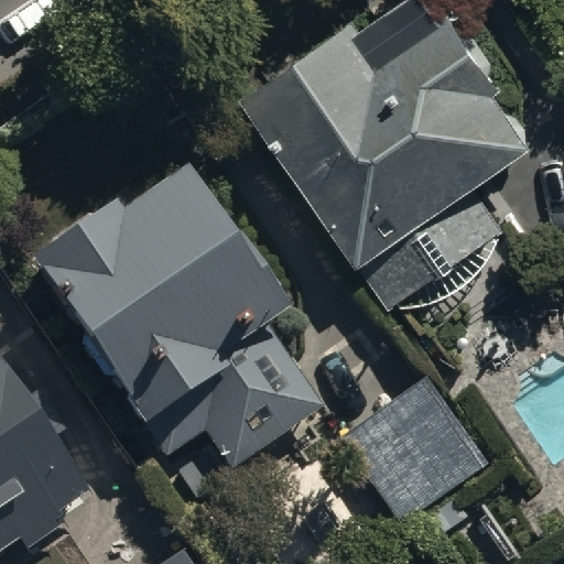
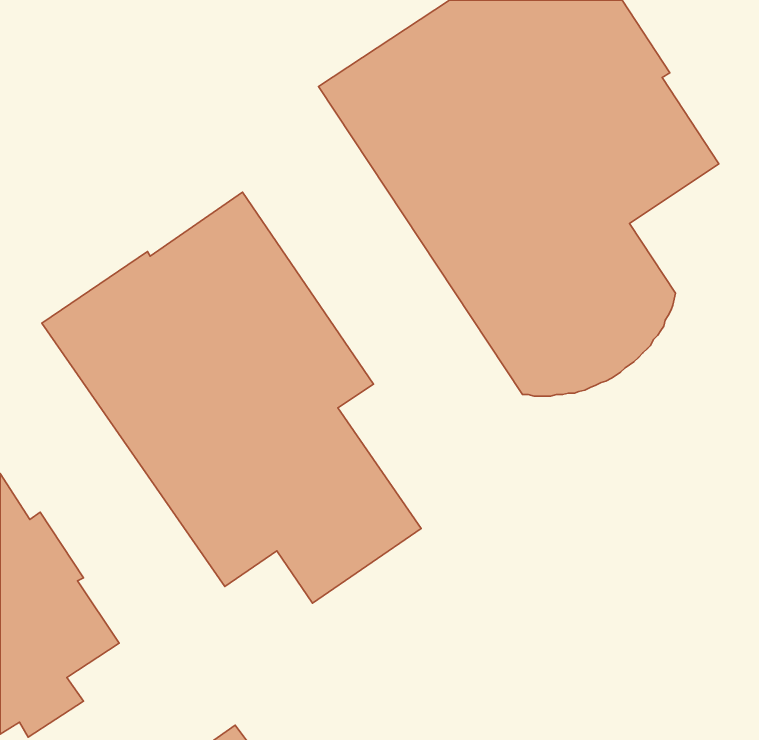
building: [334,382,488,535] -> none

